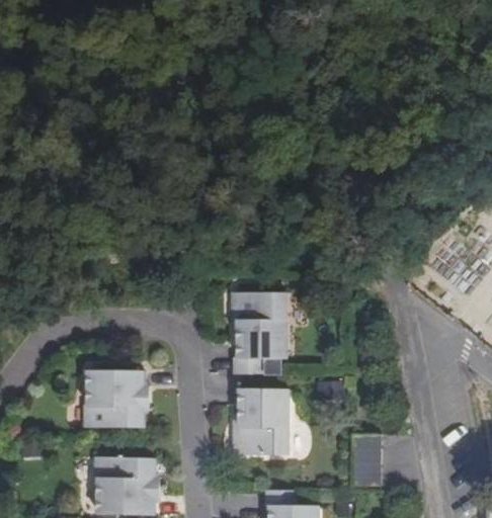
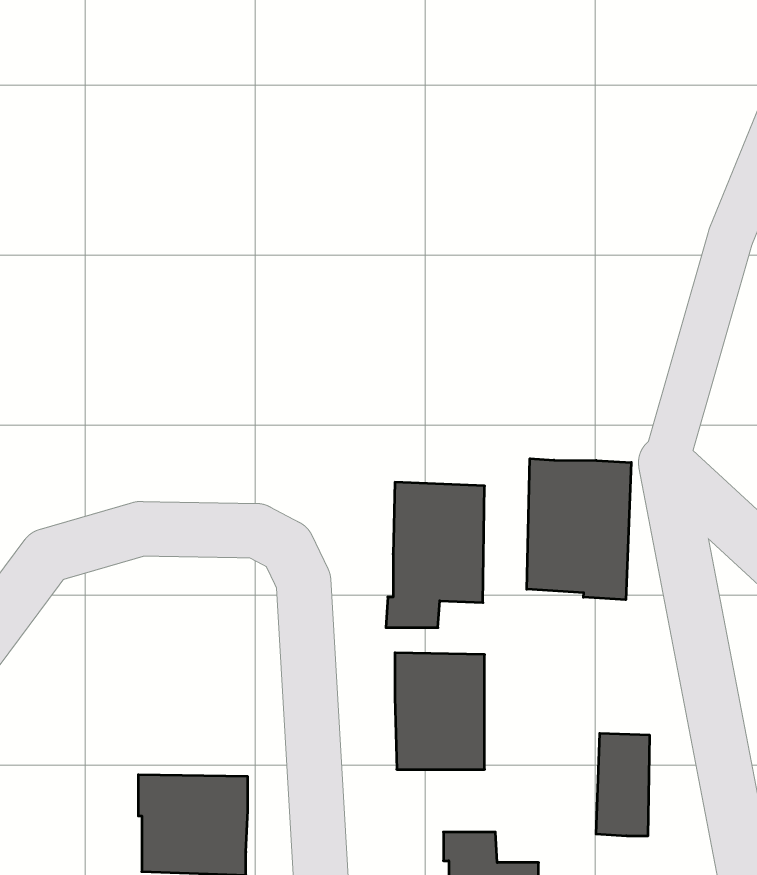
building: none -> [527,459,631,600]
building: [82,370,144,427] -> none

